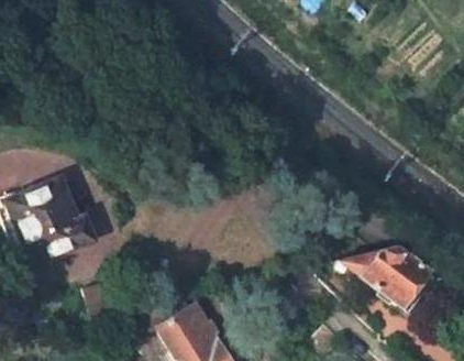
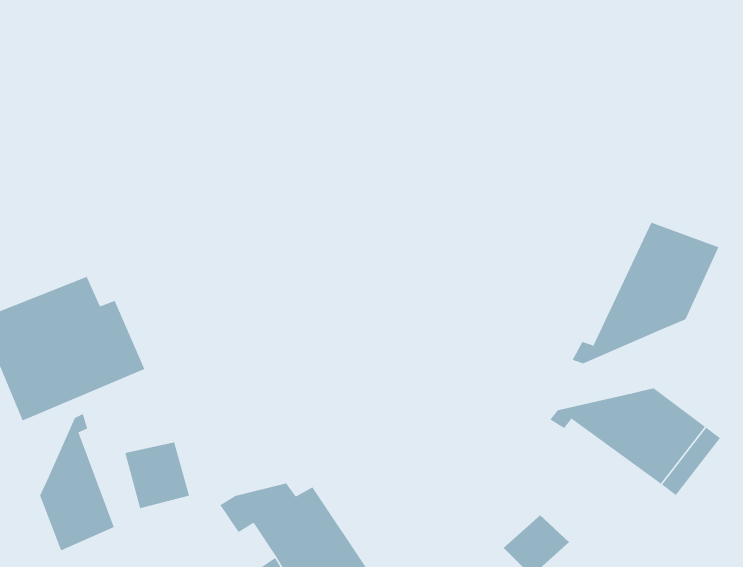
building: none -> [572,222,719,364]
building: none -> [39,413,114,551]

